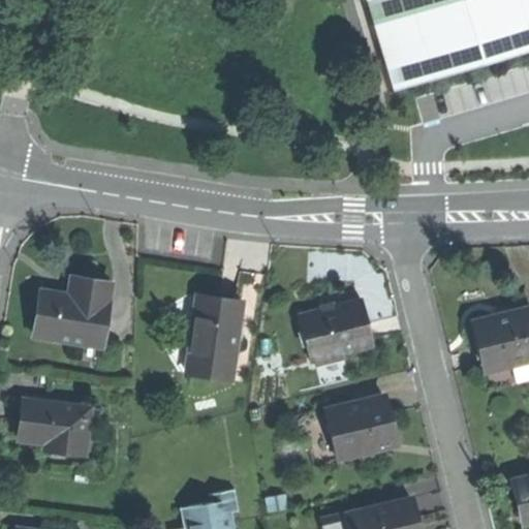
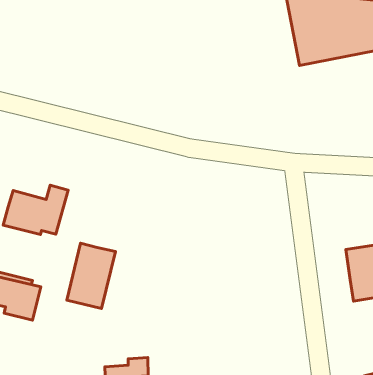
building: [187,297,243,377] -> [67,243,115,308]
building: [301,299,373,360] -> none
building: [329,395,396,456] -> none

